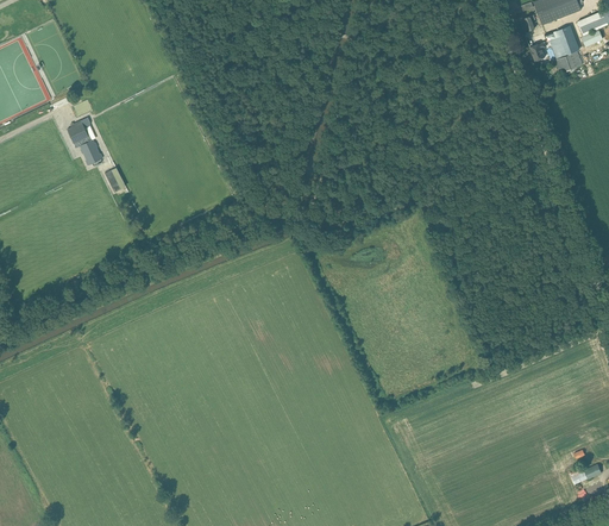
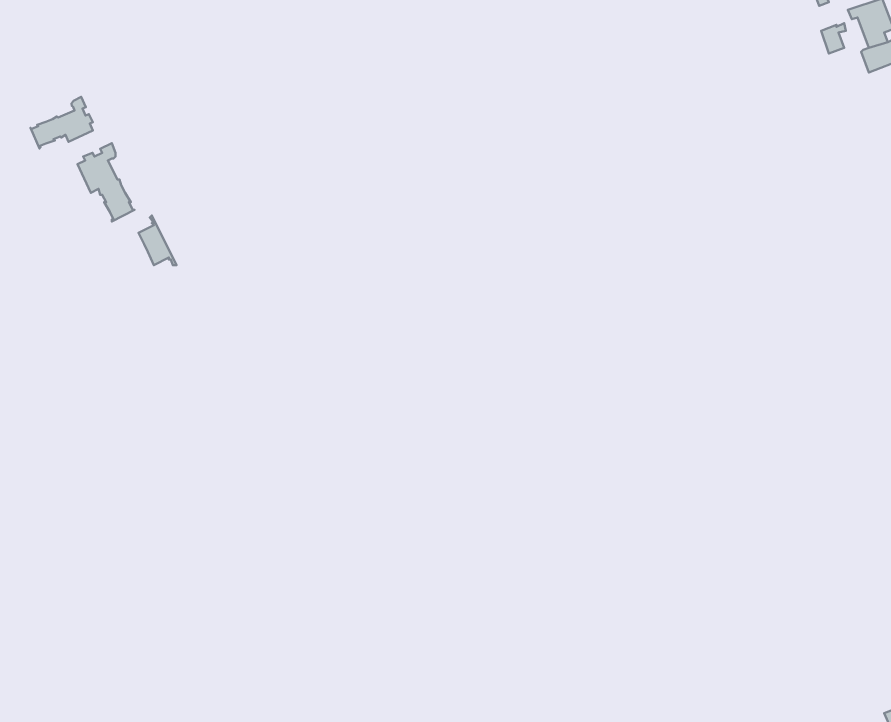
building: none -> [30,97,93,149]

